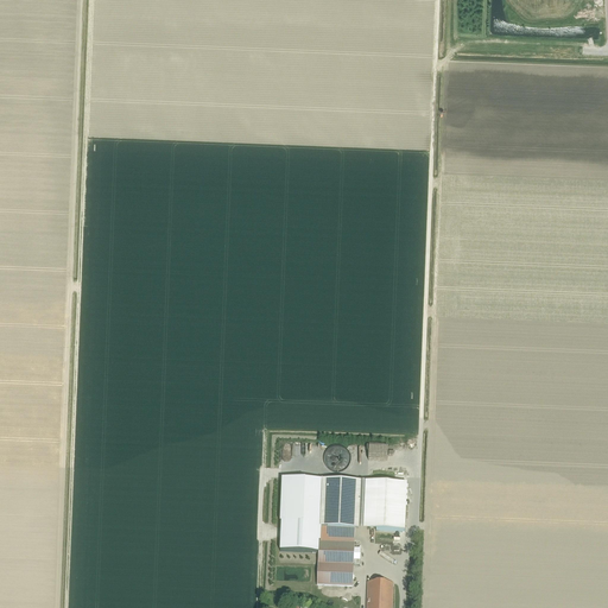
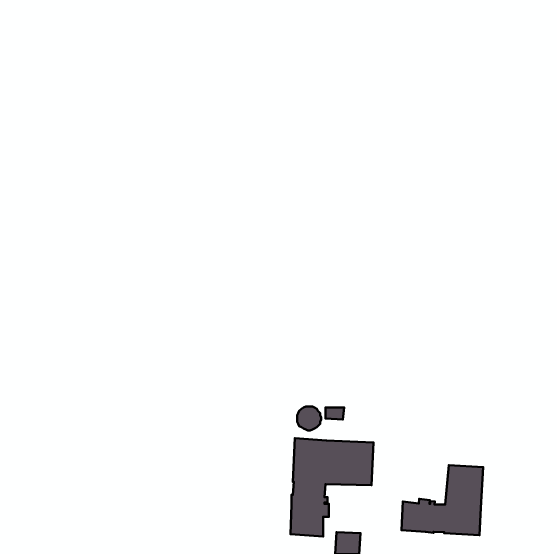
building: [279,475,321,549] -> none
building: none -> [402,465,483,535]

